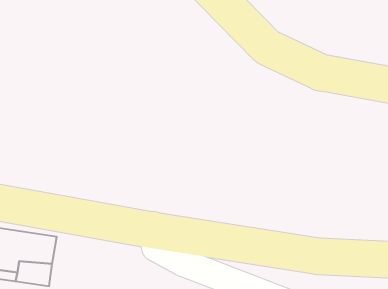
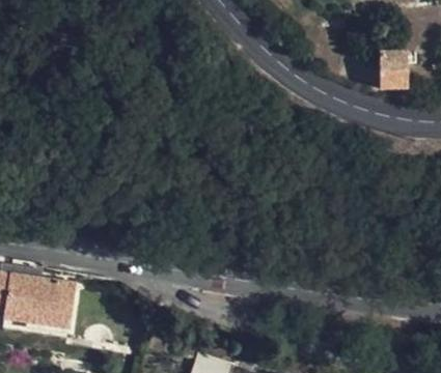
building: none -> [378,51,414,89]

